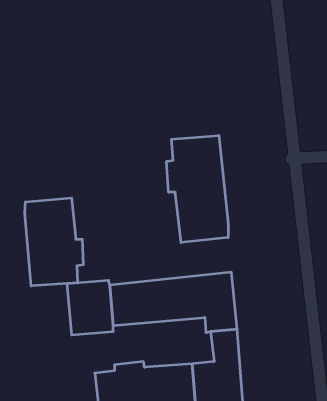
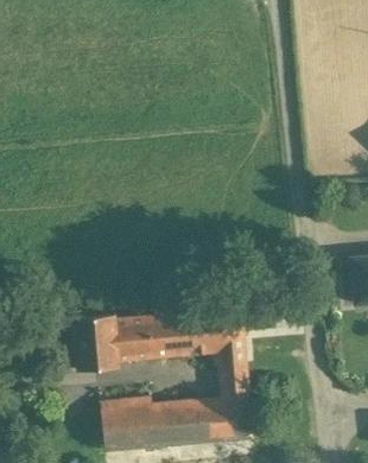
building: [167,135,228,243] -> none
building: [25,198,83,286] -> none

